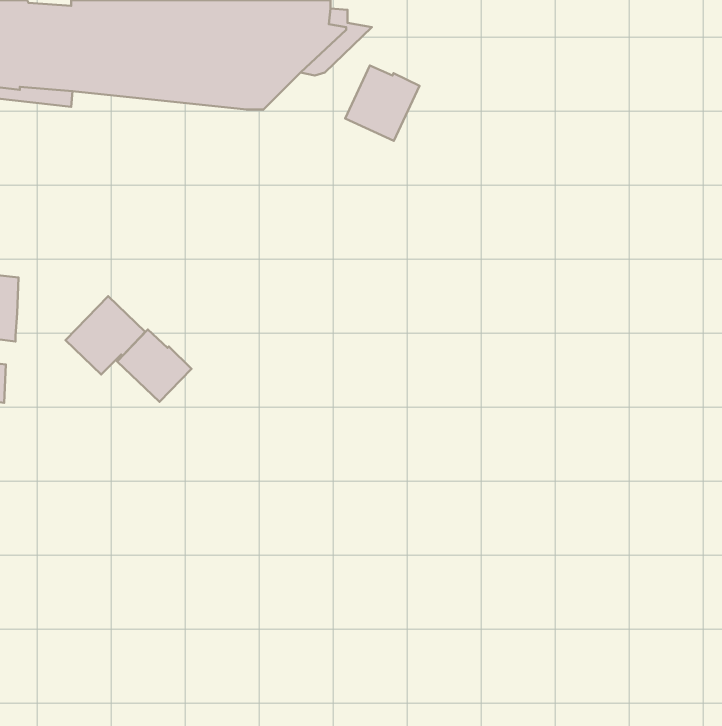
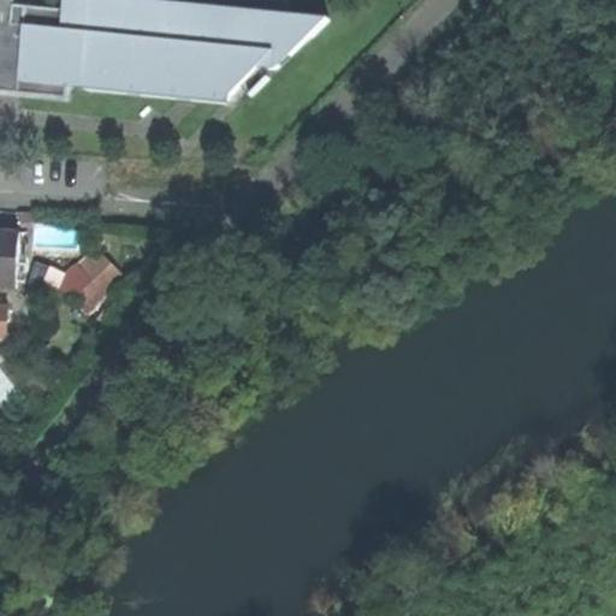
building: [345,66,419,141] -> none
building: [117,330,192,402] -> none

